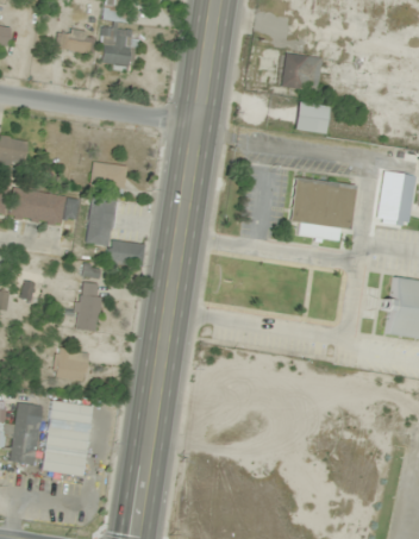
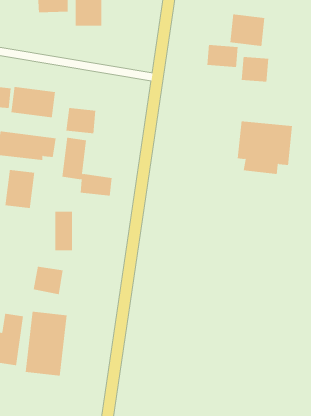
building: none -> [207,44,238,68]
building: none -> [11,86,56,118]
building: none -> [5,169,35,209]

